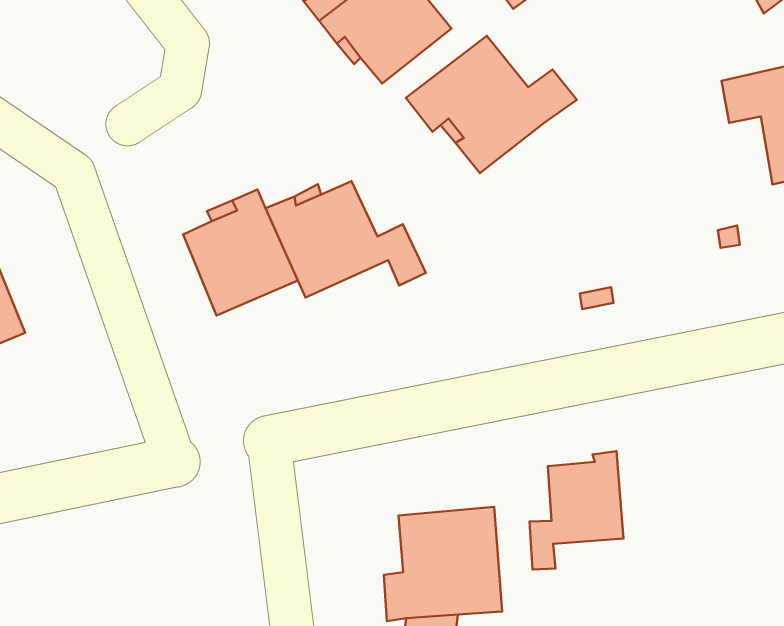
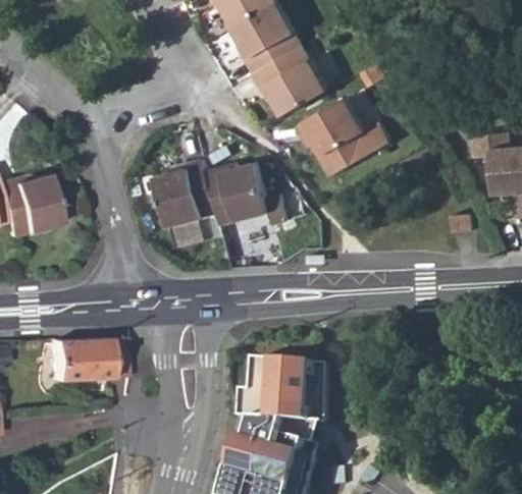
building: [530,451,623,570] -> none
building: none -> [50,343,124,384]

